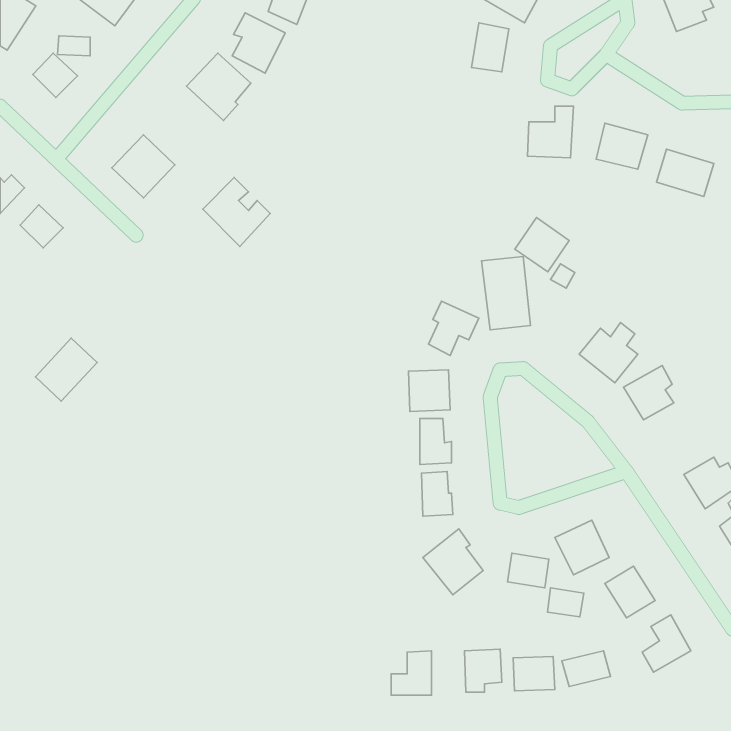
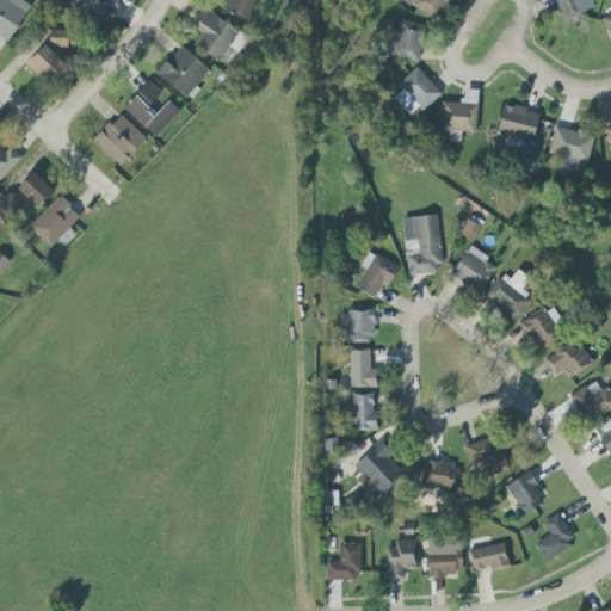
building: none -> [397,66,442,113]
building: [203,178,270,246] -> [124,80,180,137]
building: [515,218,569,272] -> [452,246,498,291]
building: [35,338,97,401] -> [30,195,81,247]
building: none -> [548,340,593,376]
building: [547,588,584,617] -> none

